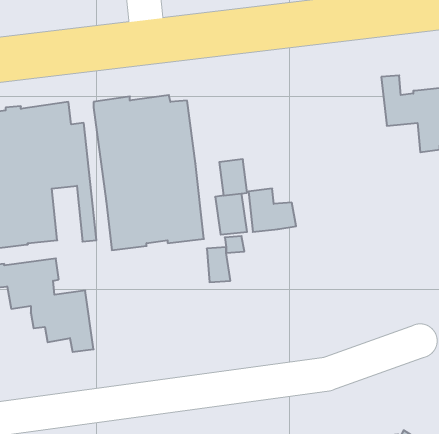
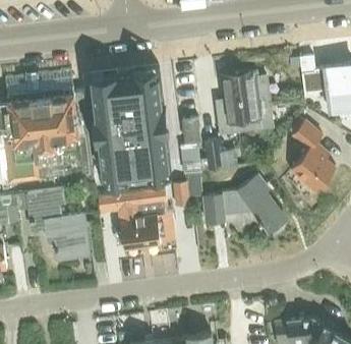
building: none -> [217,73,272,132]
building: none -> [292,119,335,189]
building: none -> [204,174,286,234]
building: none -> [99,186,175,248]

